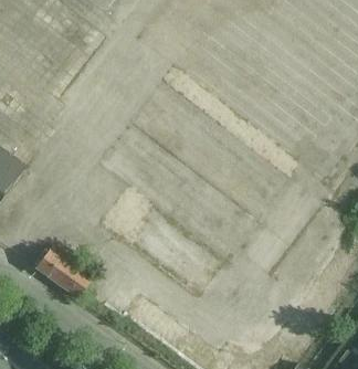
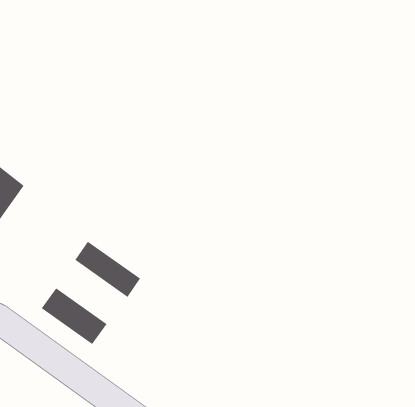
building: none -> [75,241,141,298]

